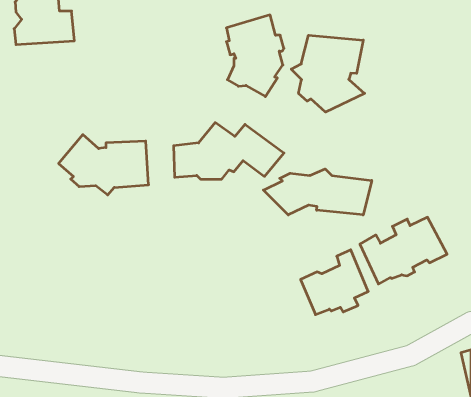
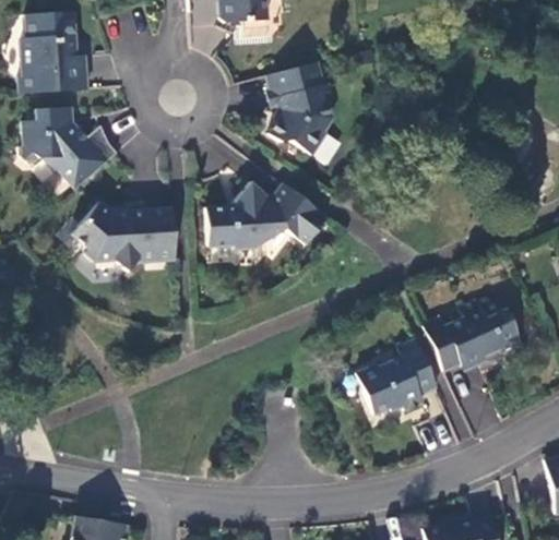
building: [291,35,365,112] -> none
building: none -> [19,106,118,189]
building: [263,169,372,215] -> none

